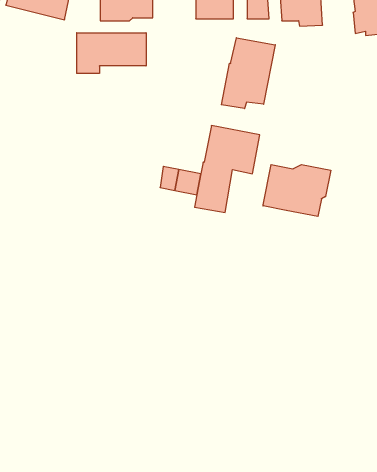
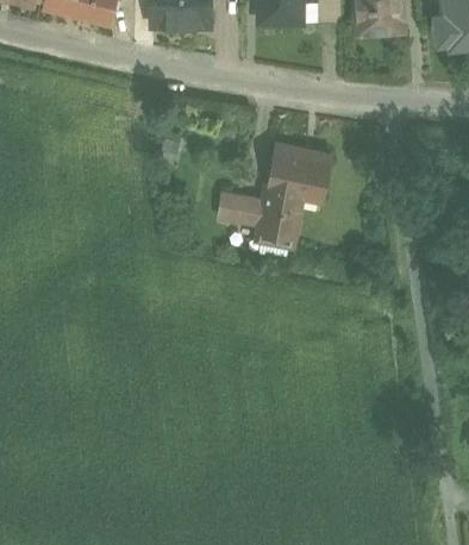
building: [77,33,146,73] -> none
building: [221,38,275,109] -> none
building: [263,165,331,216] -> none

